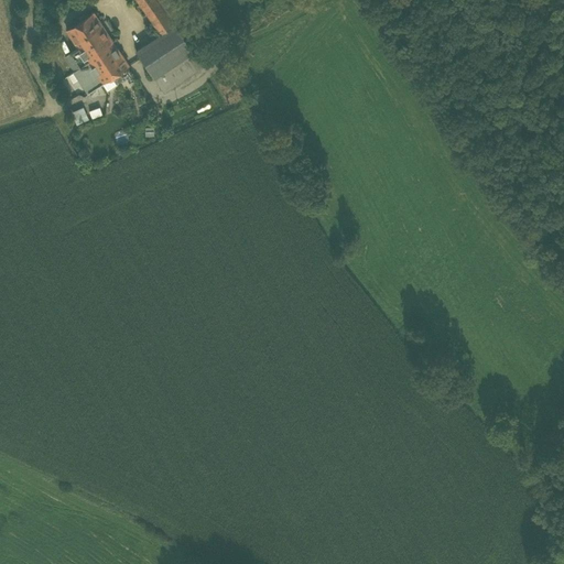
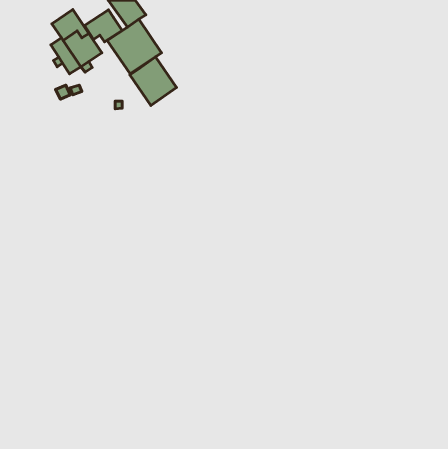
building: none -> [85,10,122,42]
building: none -> [130,57,176,105]

